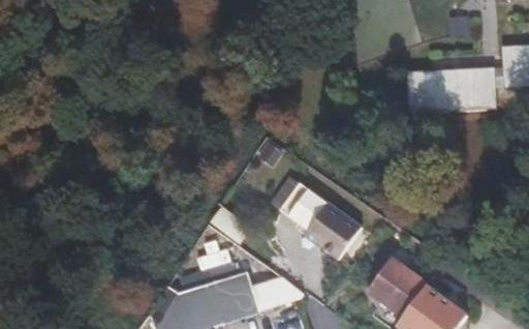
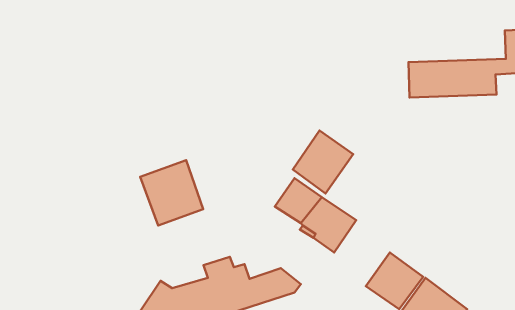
building: none -> [293,130,353,194]
building: none -> [140,160,203,226]

